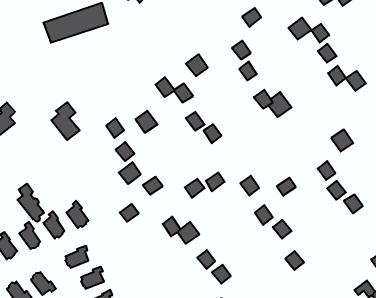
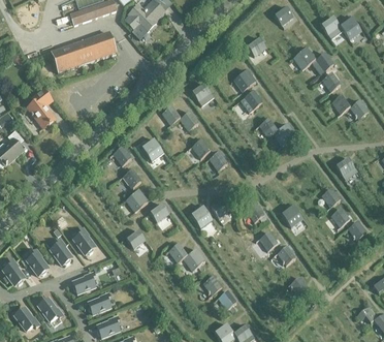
building: [51,102,80,140] -> [27,90,55,127]
building: [17,184,44,222] -> none

